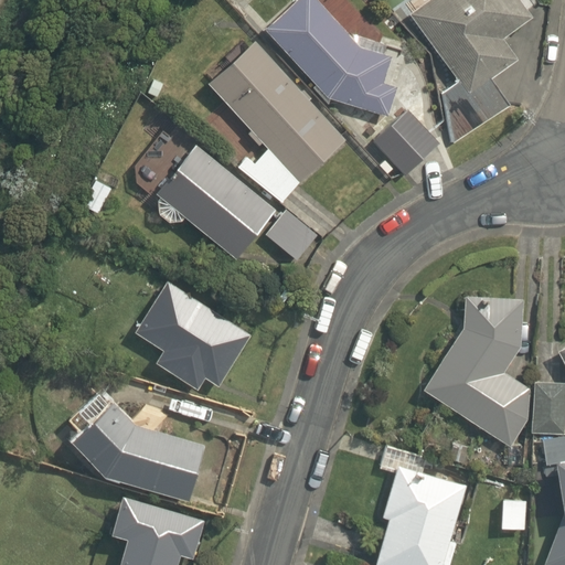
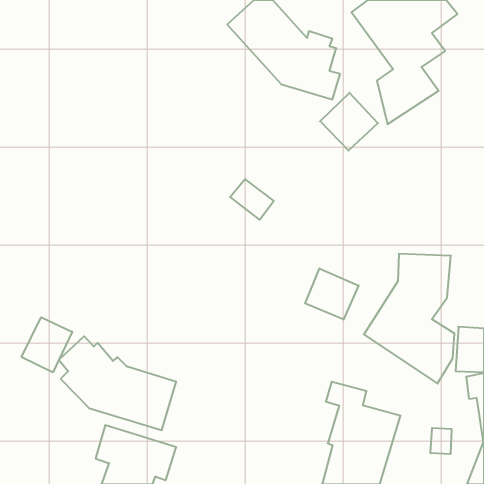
building: [207,40,347,202] -> none
building: [156,145,276,258] -> none
building: [135,280,252,391] -> none
building: none -> [305,268,359,320]
building: none -> [22,317,72,372]

